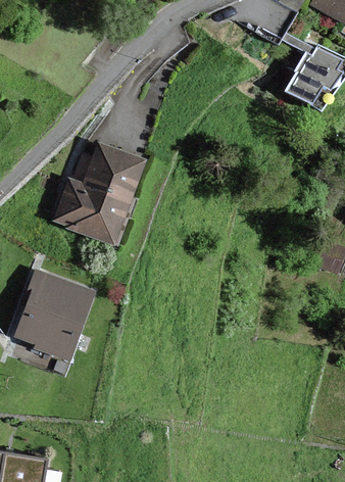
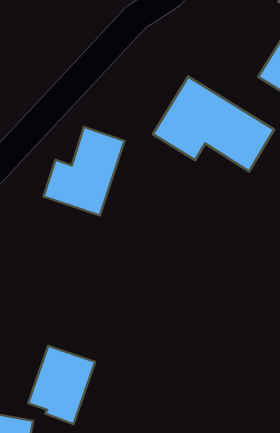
building: none -> [153,76,274,171]
building: [19,272,92,356] -> [28,346,95,424]

